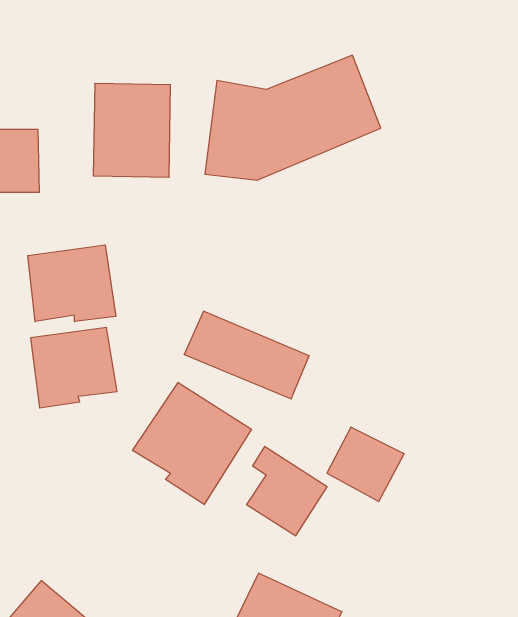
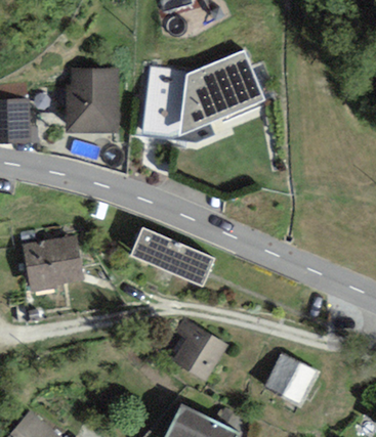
building: [28,245,116,322] -> none
building: [133,382,251,505] -> none
building: [327,427,404,501] -> [264,353,318,404]

